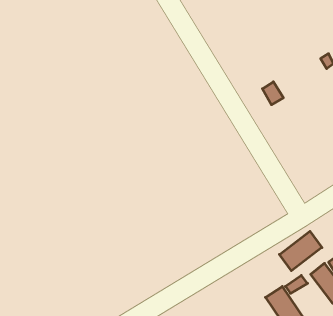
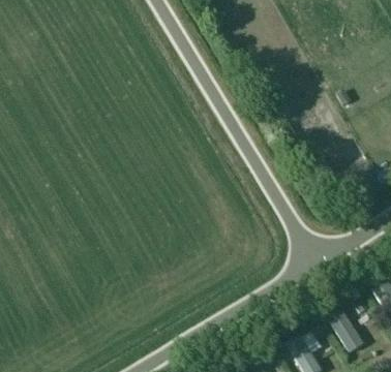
building: [279,231,322,271] -> none

